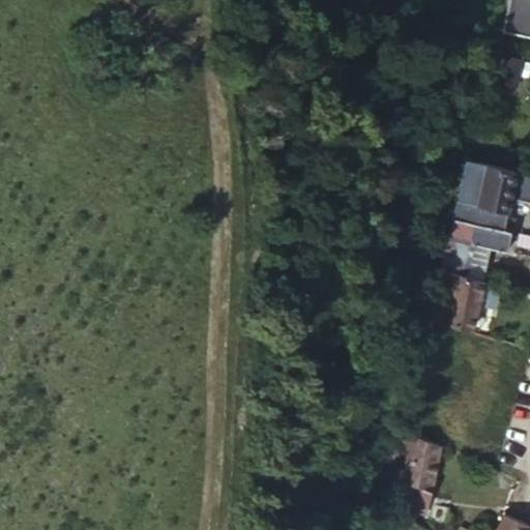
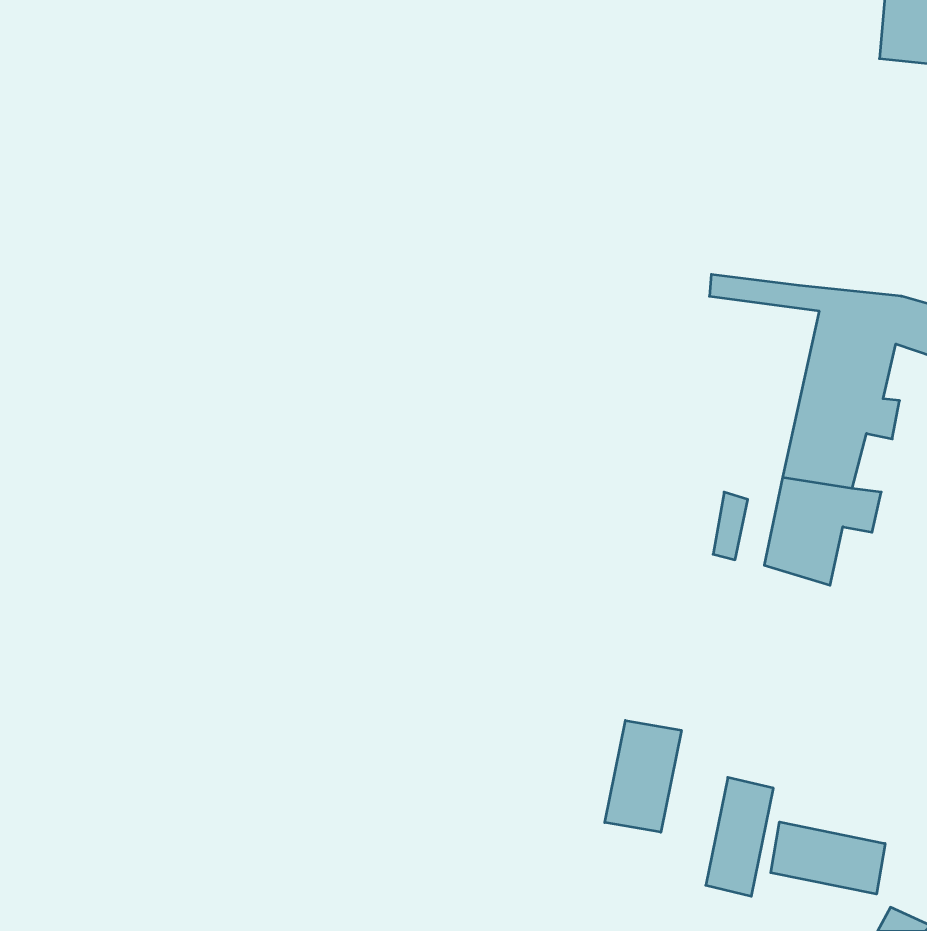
building: none -> [605,720,681,832]
building: none -> [771,822,885,894]

